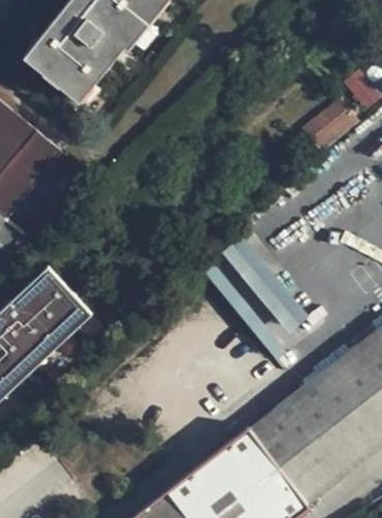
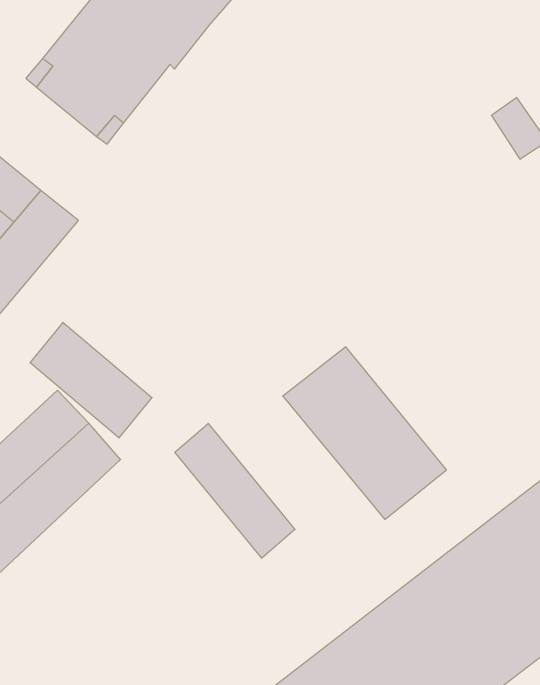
building: [302,98,356,152] -> none
building: none -> [30,322,152,438]
building: none -> [175,423,295,558]

